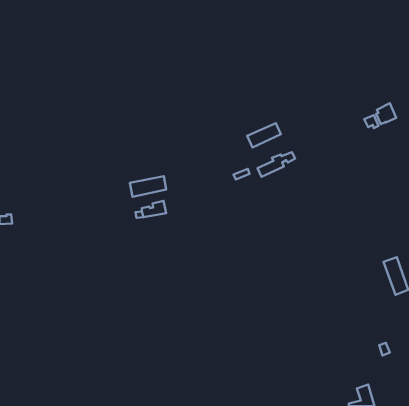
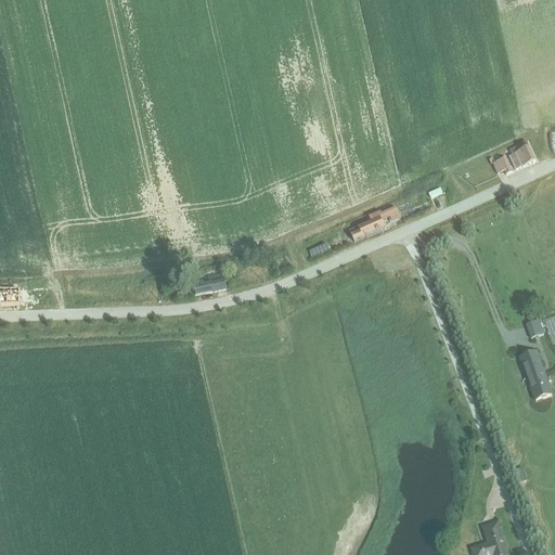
building: [247,123,281,147] -> none
building: [130,176,166,197] -> none

